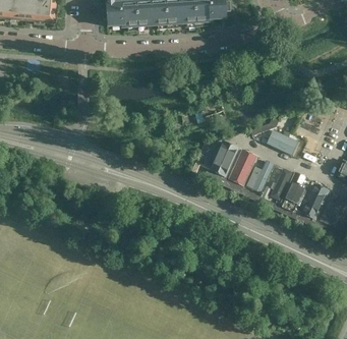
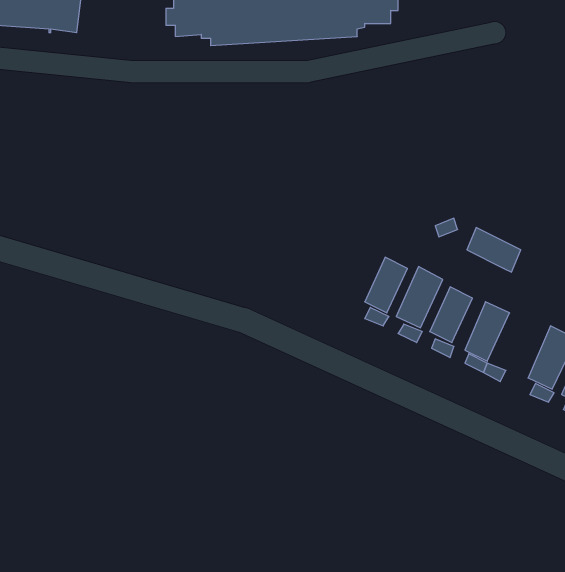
building: [283,173,309,207] -> none

